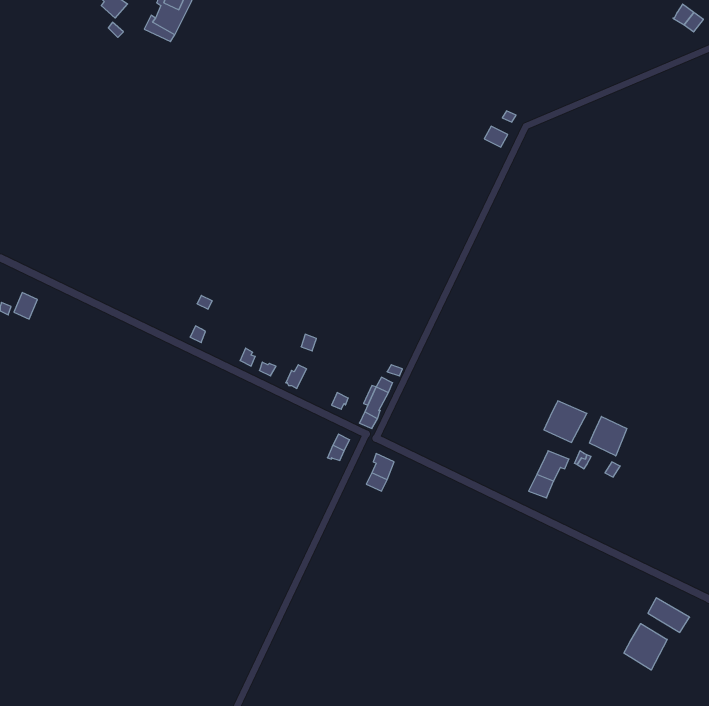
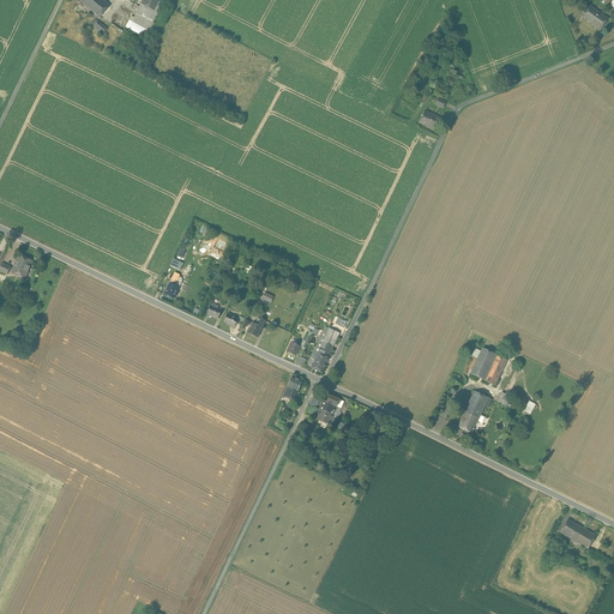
building: [590,416,627,456] -> none
building: [624,624,667,670] -> none

